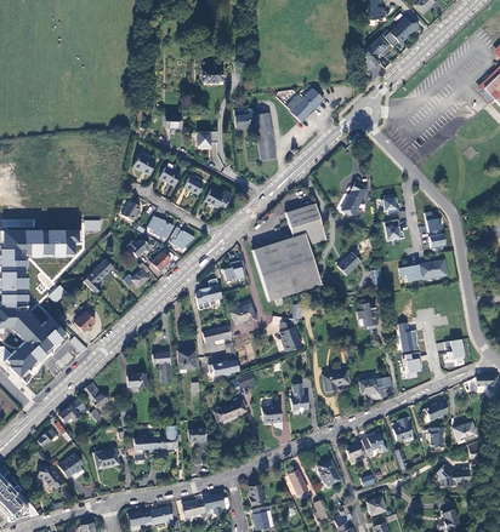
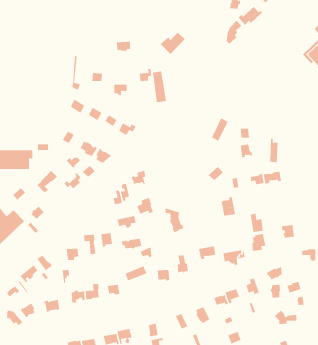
building: [285,88,323,122] -> [160,32,185,55]
building: [251,204,325,302] -> none

